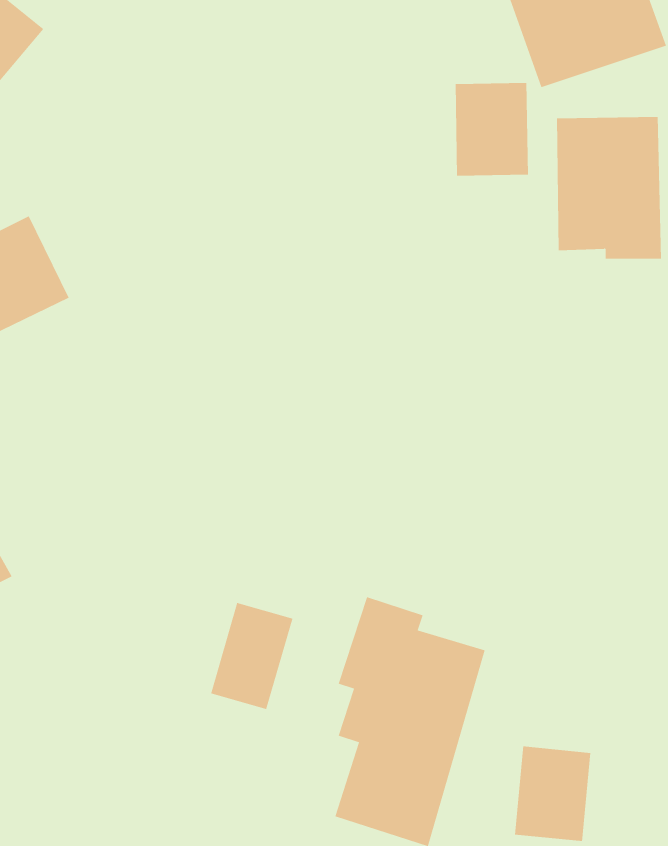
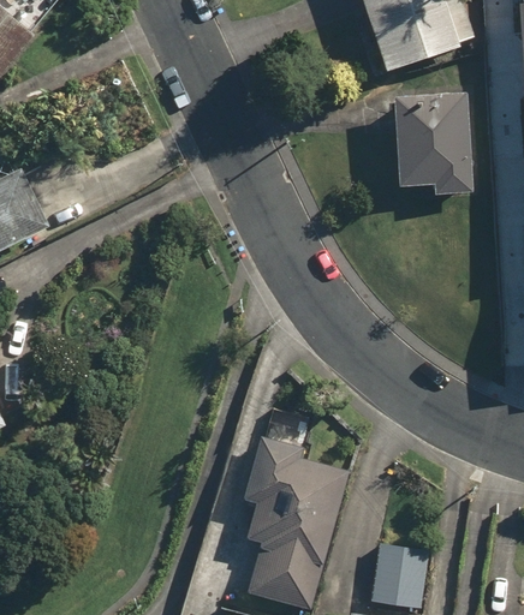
building: [455,82,528,176] -> none
building: [210,602,293,710] -> none

